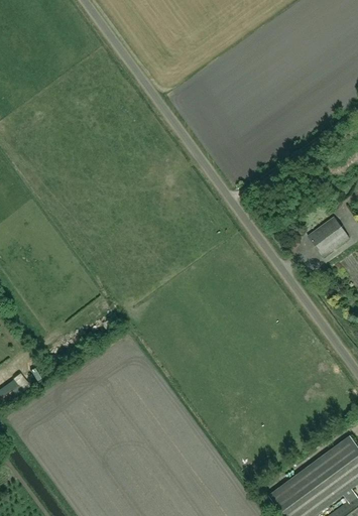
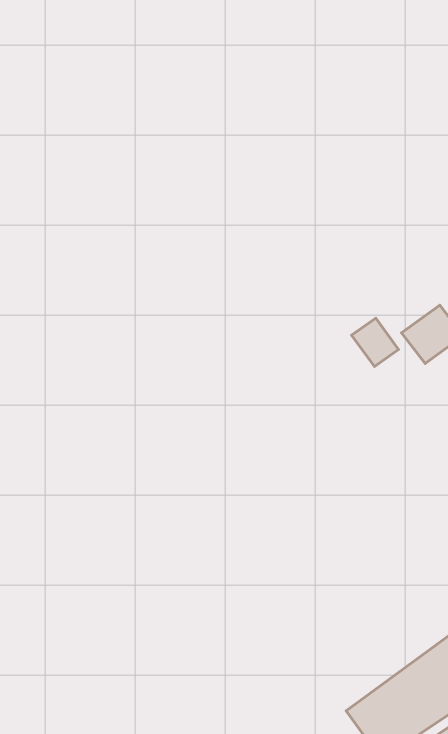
building: none -> [352,318,399,366]

